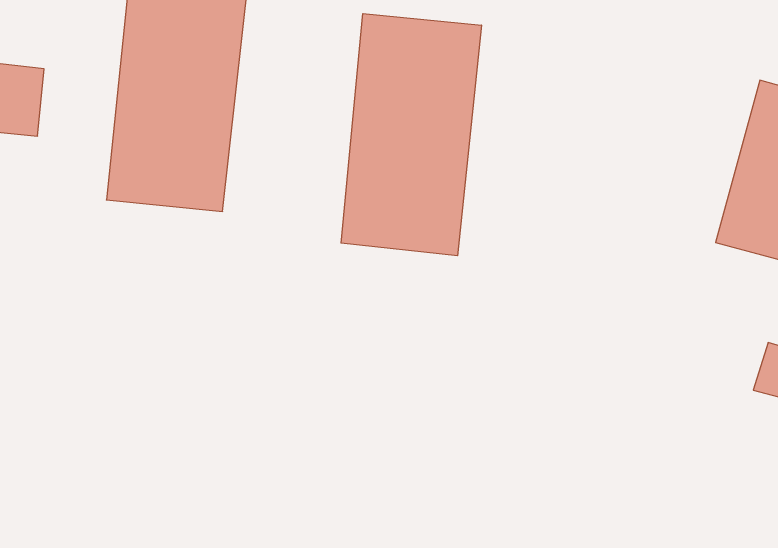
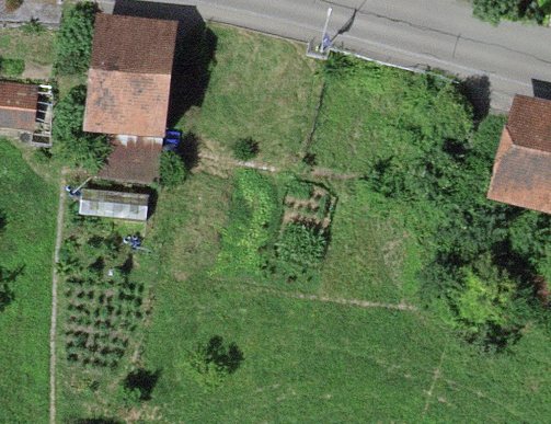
building: [341,14,481,256] -> none

